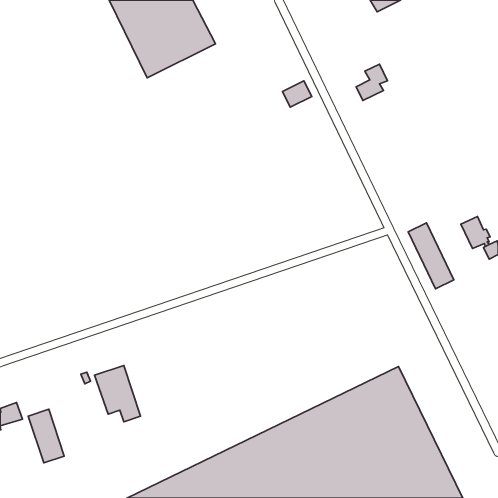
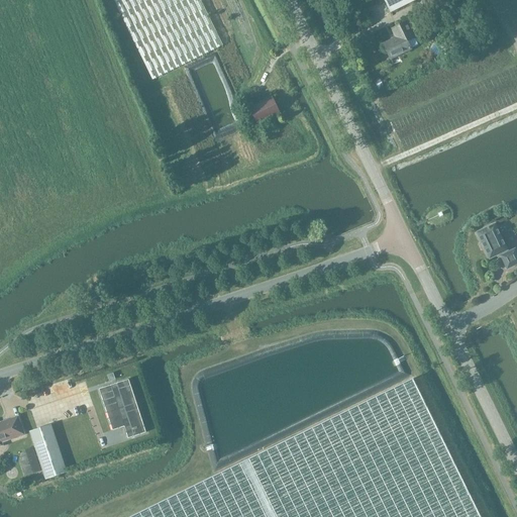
building: [356,64,387,100] -> [383,21,415,59]
building: [282,81,312,107] -> [249,97,280,124]
building: [408,223,454,289] -> none

